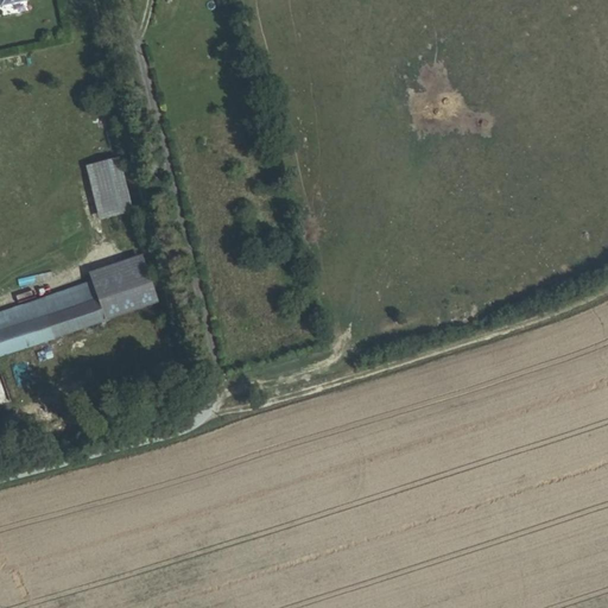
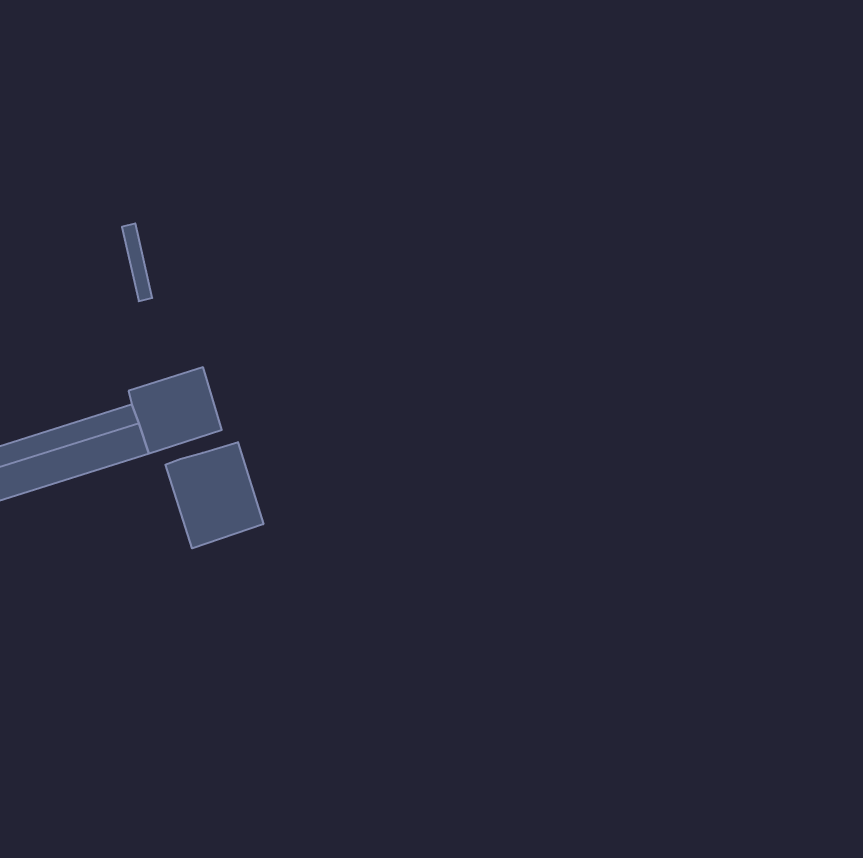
building: [95,151,129,209] -> none
building: none -> [165,442,263,548]

